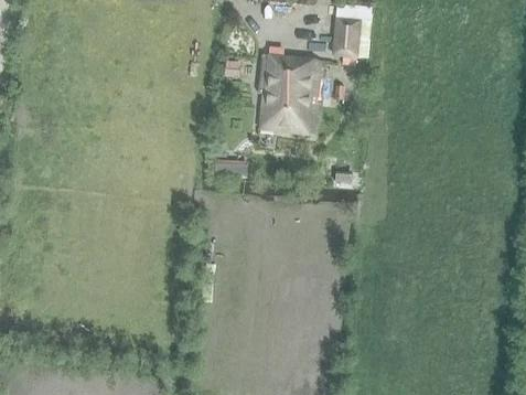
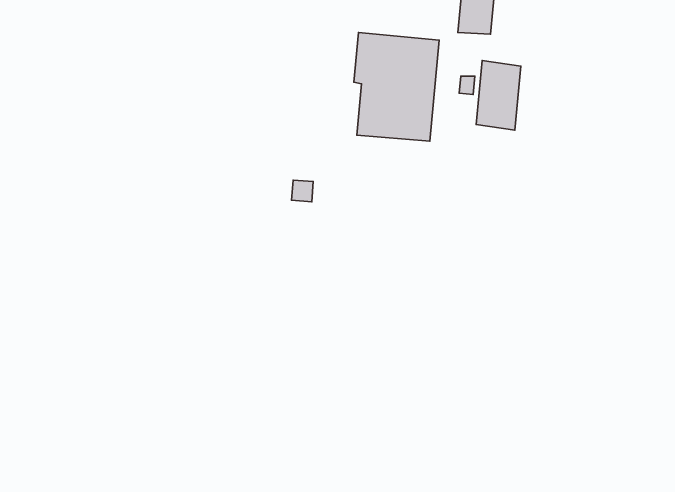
building: none -> [476,61,521,130]

